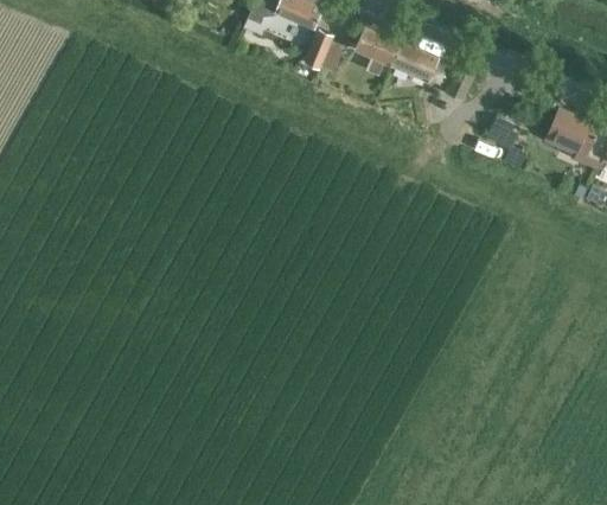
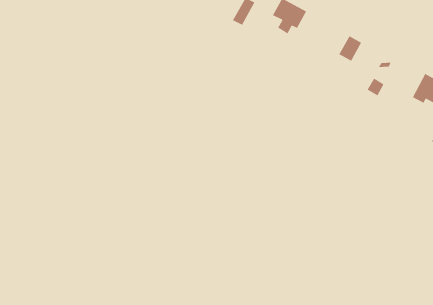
building: [391,43,446,88] -> none

